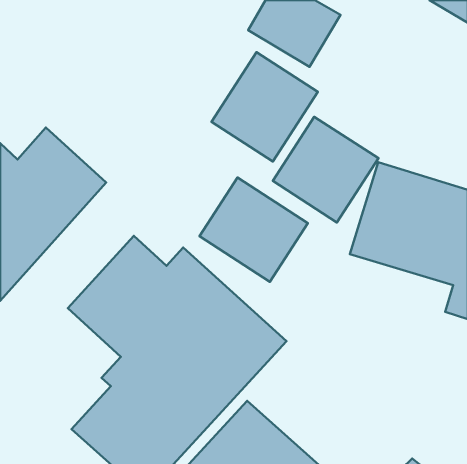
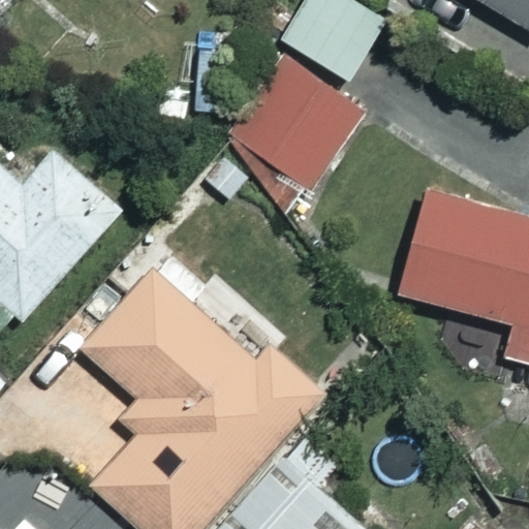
building: [273,117,378,222] -> none
building: [200,177,308,282] -> none

